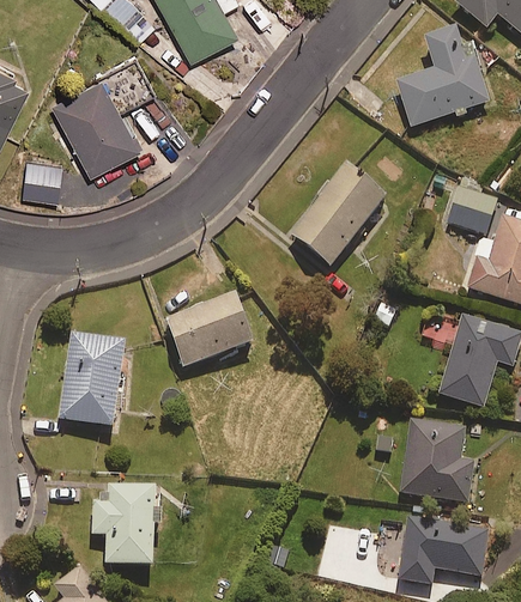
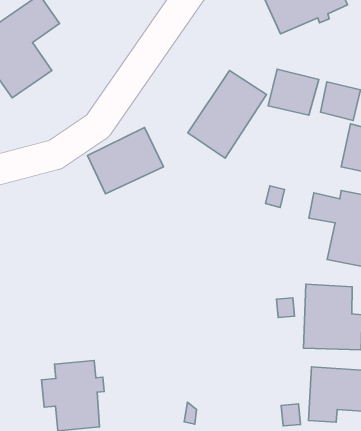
building: none -> [268,69,319,115]
building: [166,293,254,366] -> [88,127,164,194]
building: [59,333,125,426] -> none

